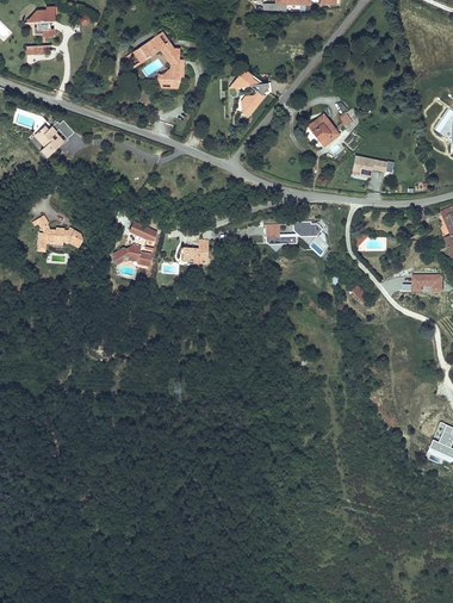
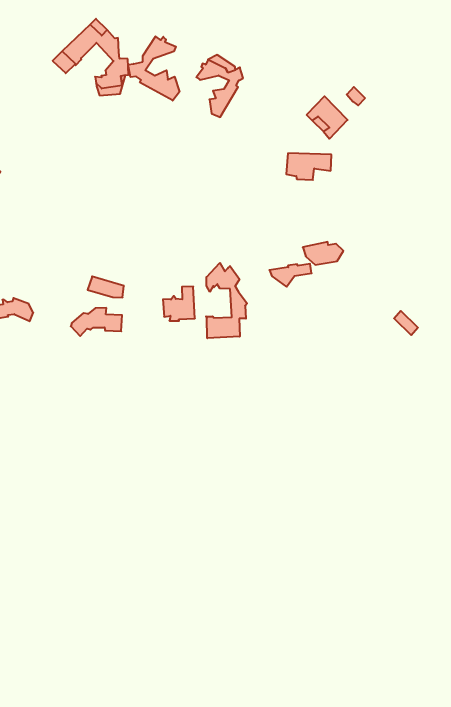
building: none -> [128,36,179,101]
building: [350,155,386,178] -> [286,153,331,180]
building: none -> [206,263,247,338]

